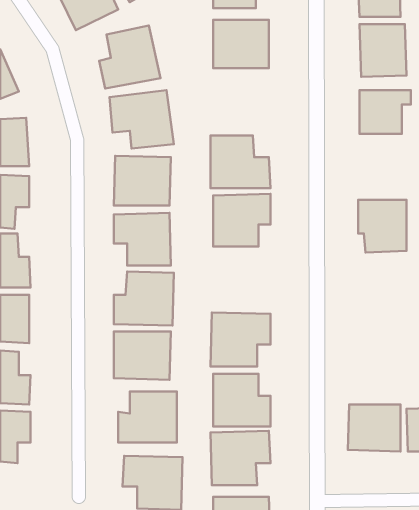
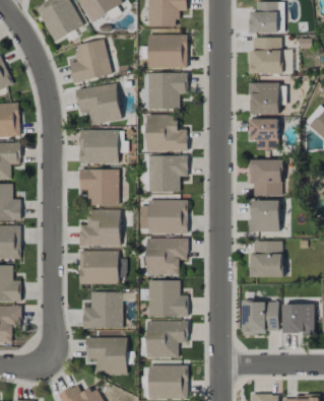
building: none -> [148,72,188,109]
building: none -> [249,119,278,150]
building: none -> [140,200,188,235]
building: none -> [250,200,279,231]
building: none -> [251,241,282,277]

